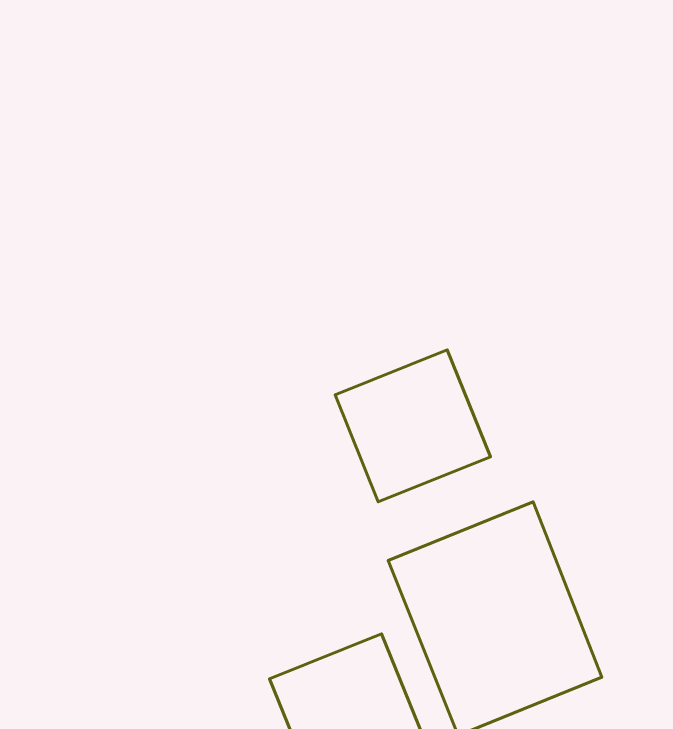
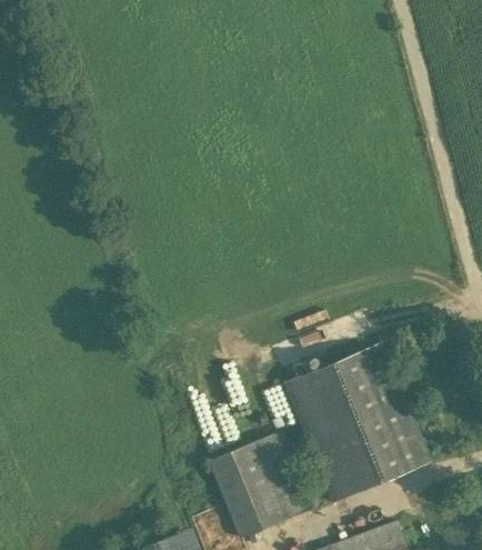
building: [335,350,490,502] -> none

